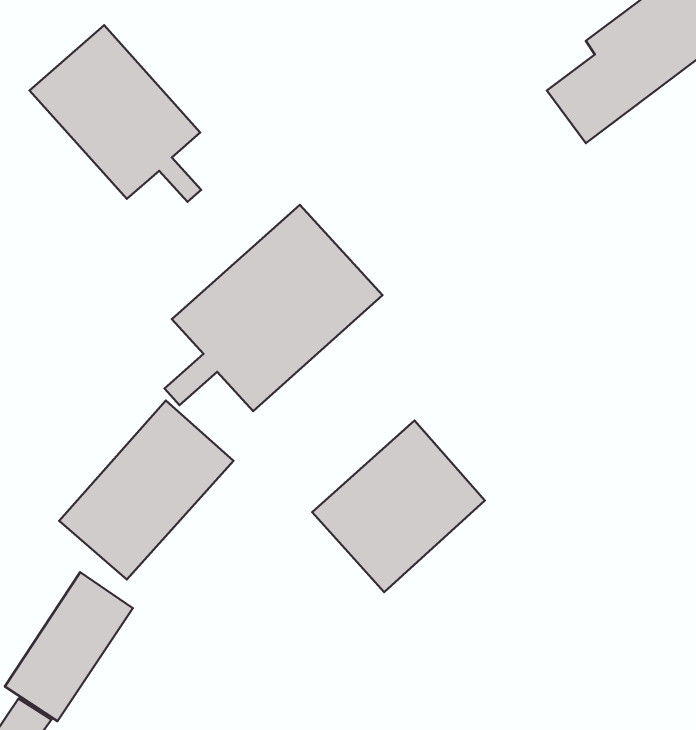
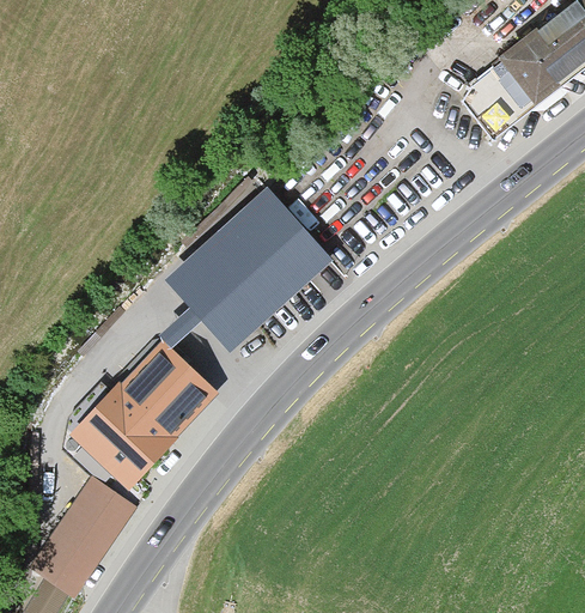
building: [30,25,201,202] -> none
building: [312,421,485,592] -> none

